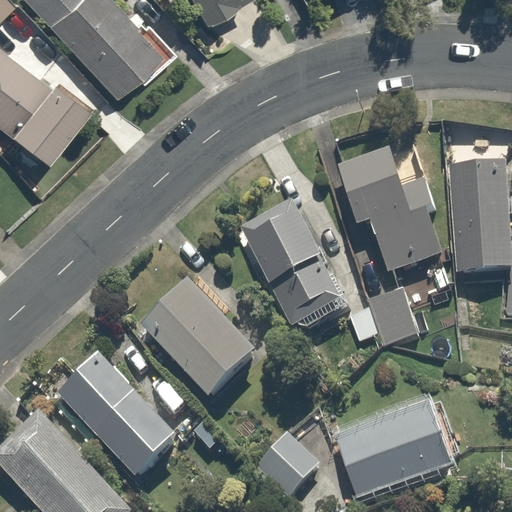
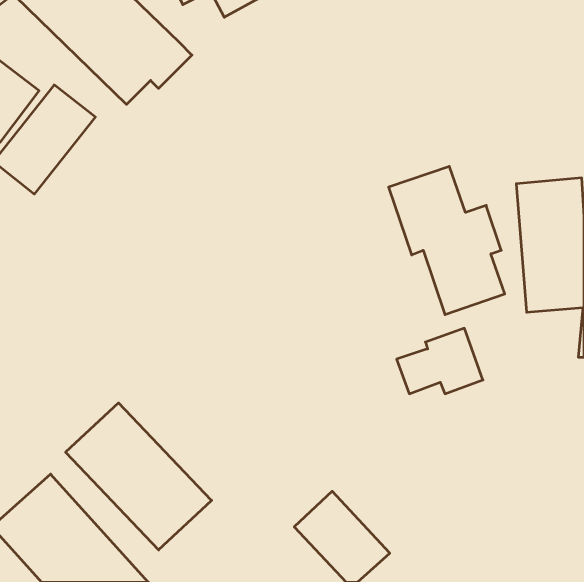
building: [238,204,342,327] -> none
building: [139,274,262,398] -> none
building: [337,400,457,497] -> none

